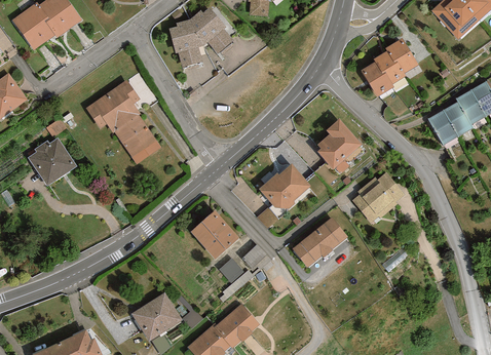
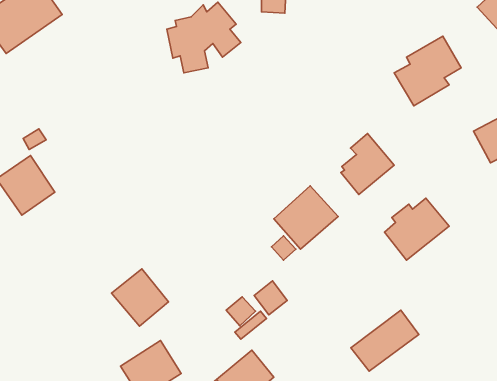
building: [85,81,160,164] -> none
building: [190,211,238,260] -> [111,269,169,326]
building: [290,218,347,269] -> [351,310,419,371]

